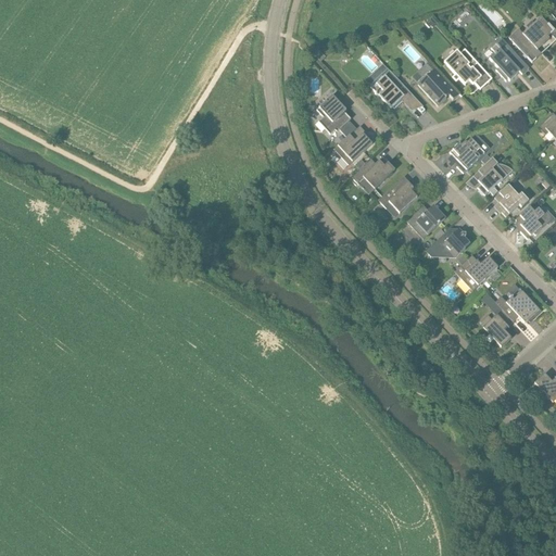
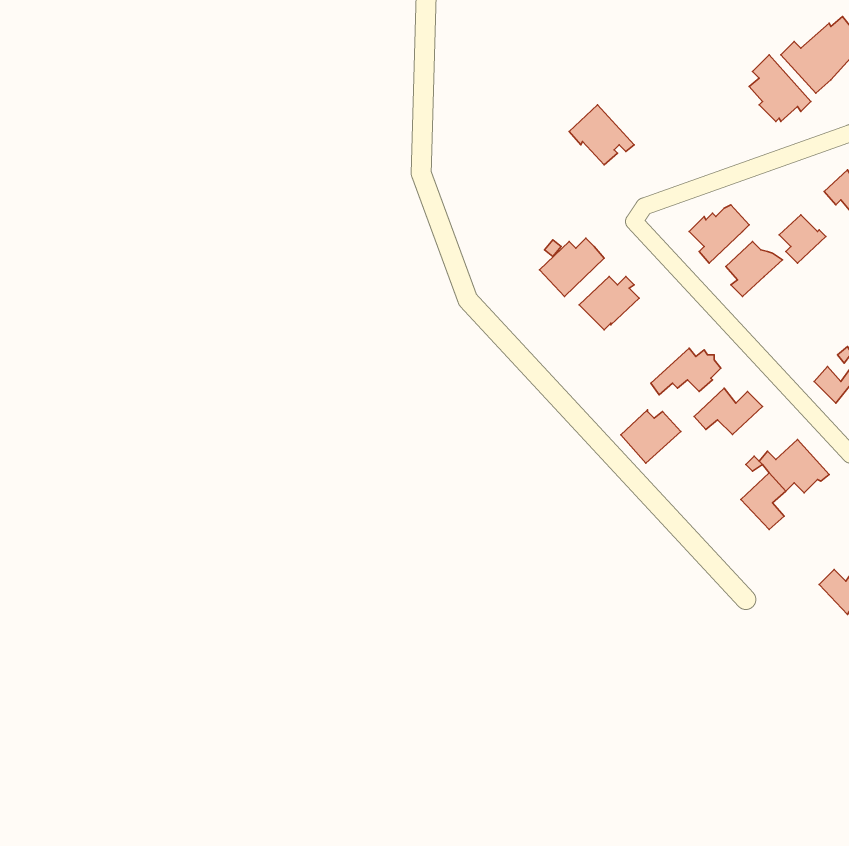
building: [445,48,493,88] -> none
building: [419,66,460,104] -> none
building: [317,93,352,132] -> none
building: [334,131,374,163] -> none
building: [495,184,526,215] -> [779,215,826,263]
building: [407,203,446,238] -> [621,410,681,463]
building: [517,205,551,237] -> none

